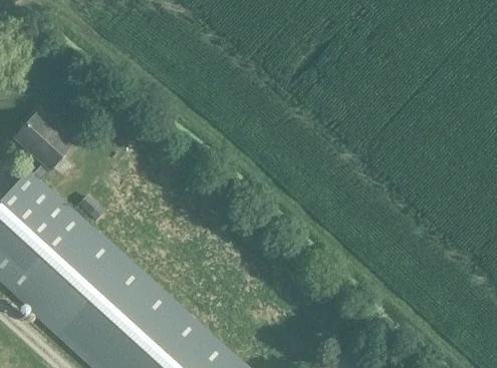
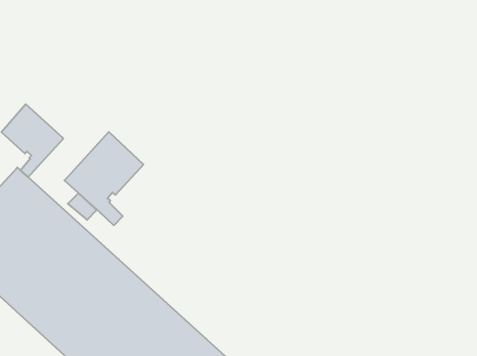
building: none -> [64,132,143,225]

